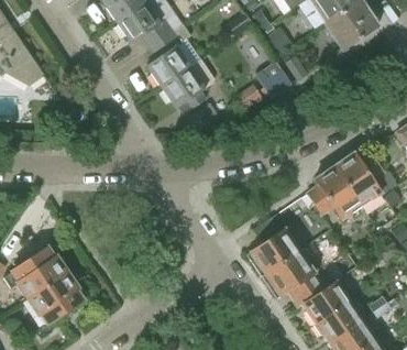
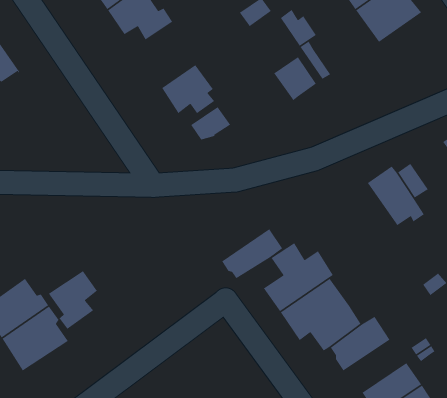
building: [146,24,191,88] -> none
building: [307,167,359,220] -> none
building: none -> [221,228,283,279]
building: none -> [48,270,98,330]
building: [314,298,366,342] -> none

